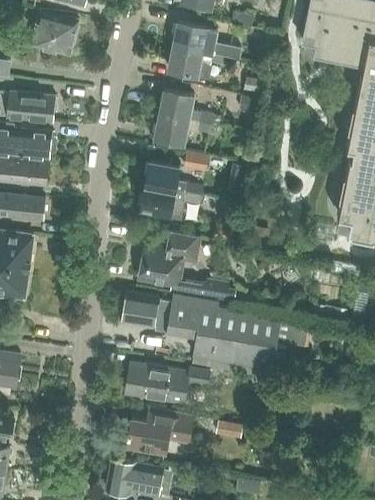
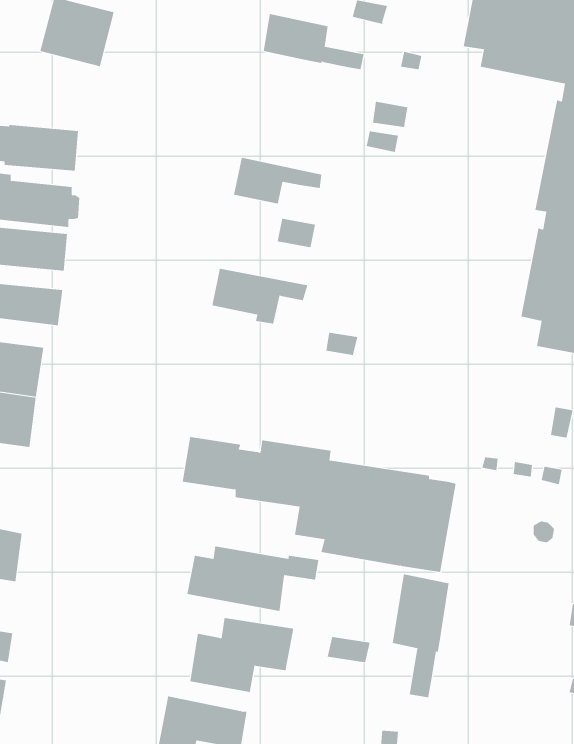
building: [169,46,231,80] -> none
building: [160,91,214,125] -> none
building: [146,162,204,196] -> none
building: [139,233,235,303] -> none
building: none -> [392,574,449,698]

